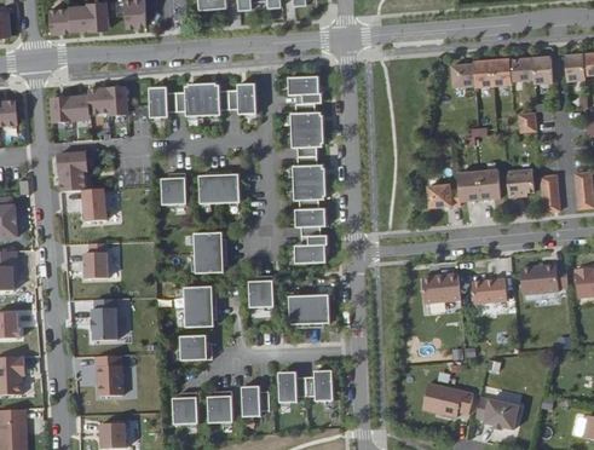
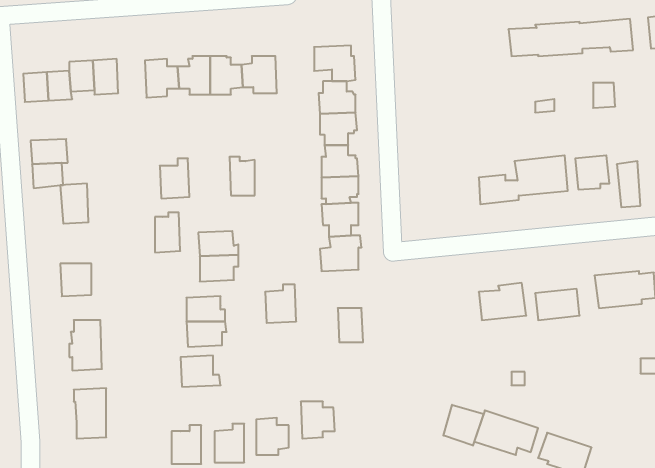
building: [201,169,221,202] -> [155,212,180,252]
building: [288,293,310,322] -> none
building: [305,368,333,398] -> none
building: none -> [443,405,484,446]

